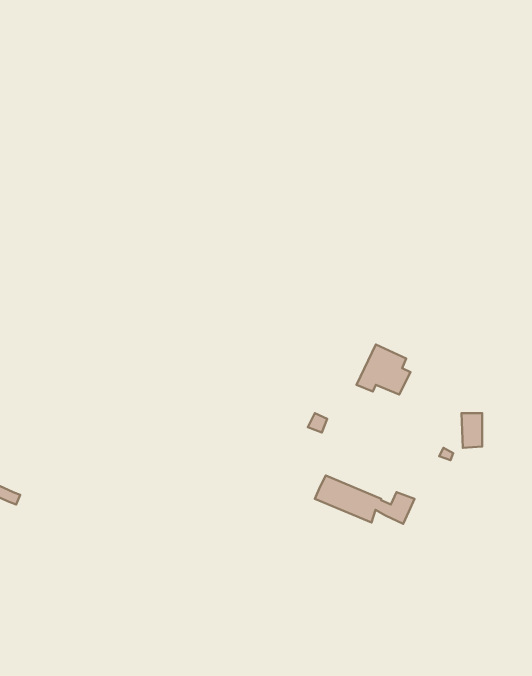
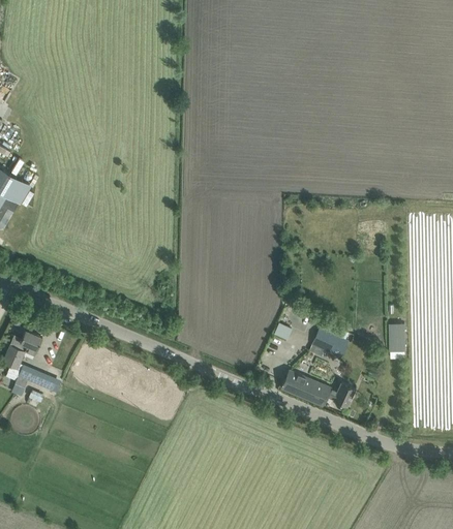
building: [356,345,410,394] -> [308,321,349,359]

